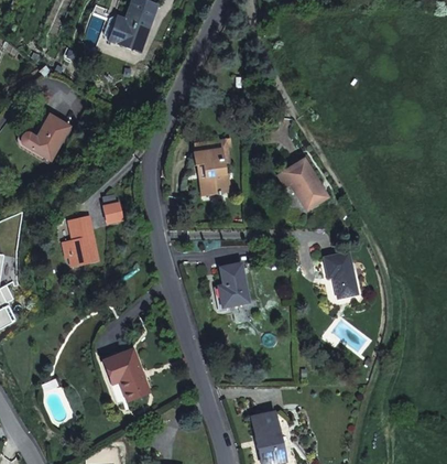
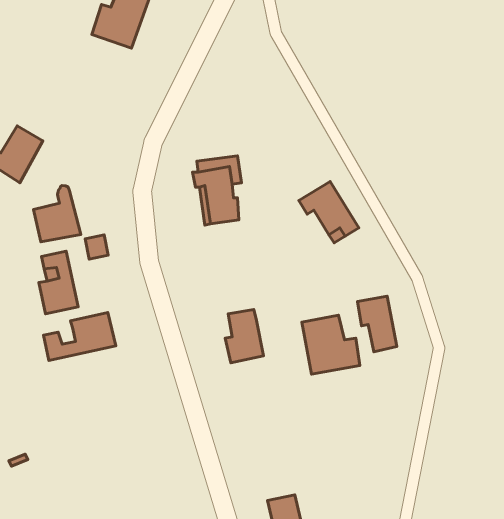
building: none -> [34,186,81,242]
building: none -> [43,312,116,361]
building: none -> [302,315,360,374]
building: [102,348,150,403] -> none

